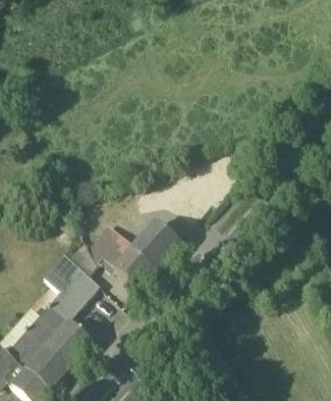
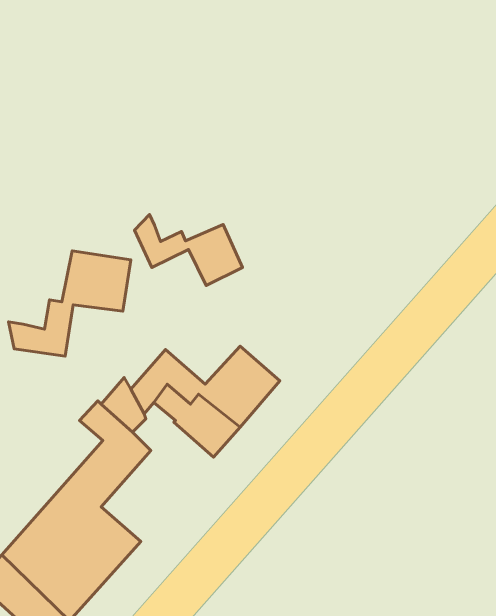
building: none -> [135,214,243,285]
building: none -> [9,251,131,356]

